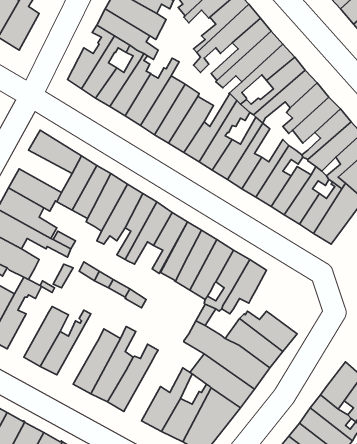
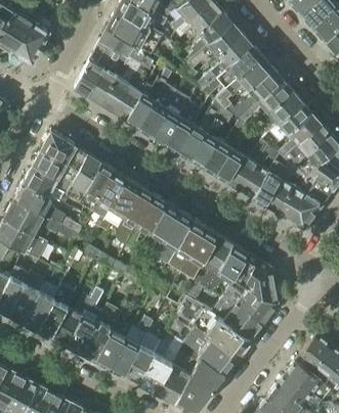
building: none -> [33,149,79,186]
building: none -> [235,254,278,309]
building: none -> [23,282,58,329]
building: none -> [66,288,103,353]
building: none -> [124,334,163,384]

